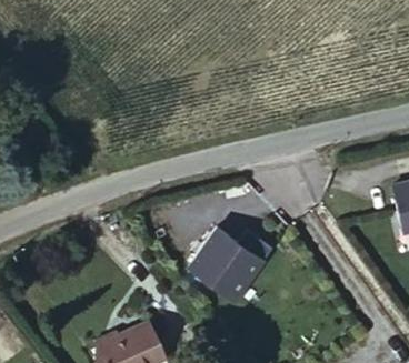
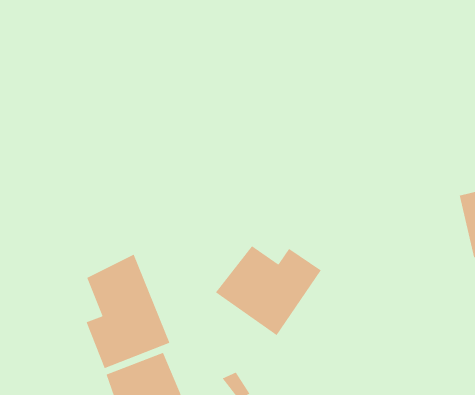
building: none -> [85,254,170,369]

